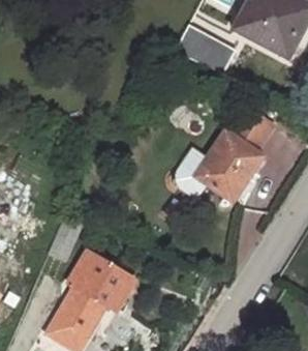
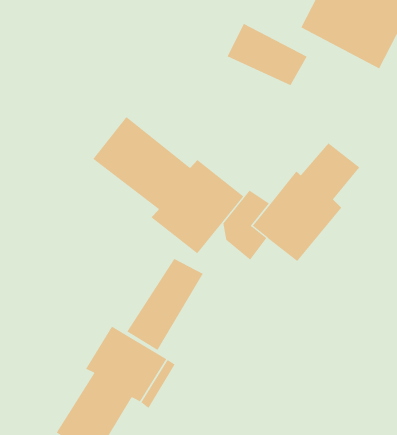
building: none -> [93,116,244,254]
building: none -> [126,258,204,351]

